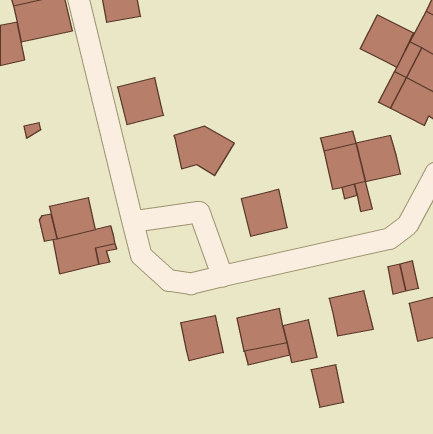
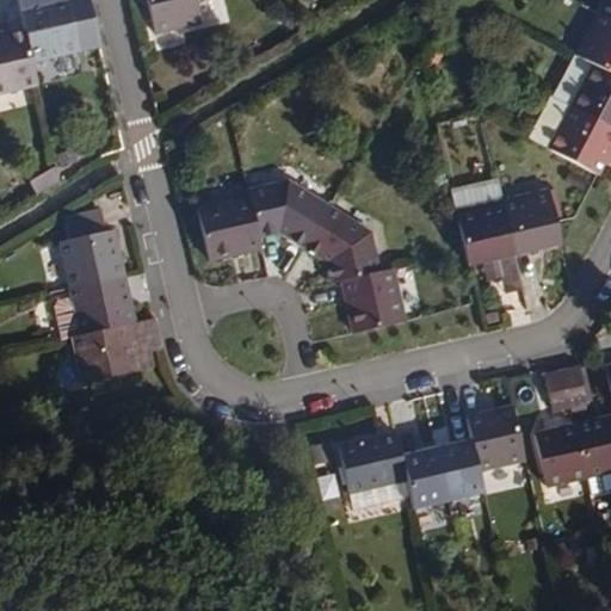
building: [360,15,413,68] -> none
building: [117,78,164,125] -> [196,193,260,259]
building: none -> [304,200,381,280]
building: none -> [62,209,128,289]
building: none -> [535,425,588,487]
building: [181,315,223,361] -> none
building: [311,365,344,407] -> [436,440,481,500]

